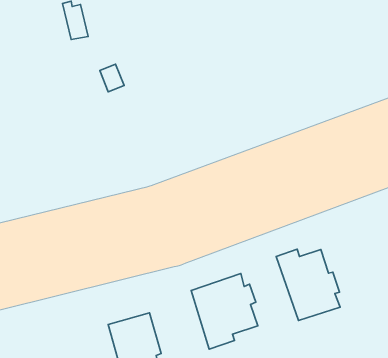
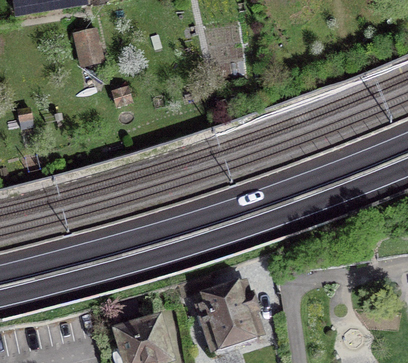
building: [276,249,340,321] -> none

